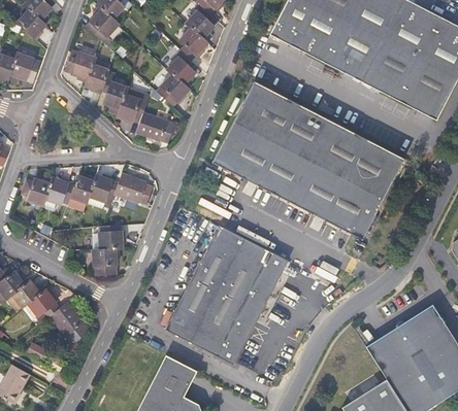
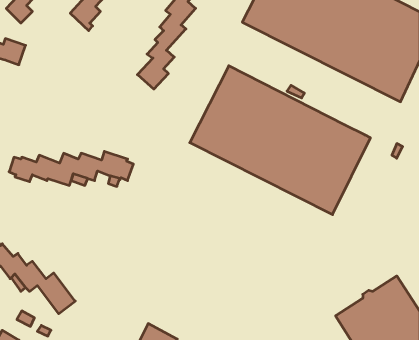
building: [65,49,173,141] -> none
building: [159,220,289,365] -> none
building: [93,225,122,272] -> none

